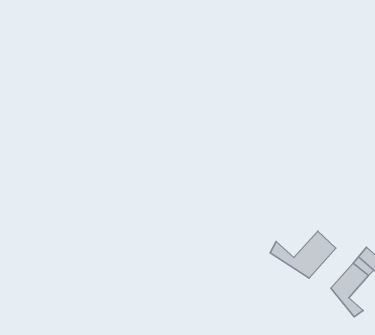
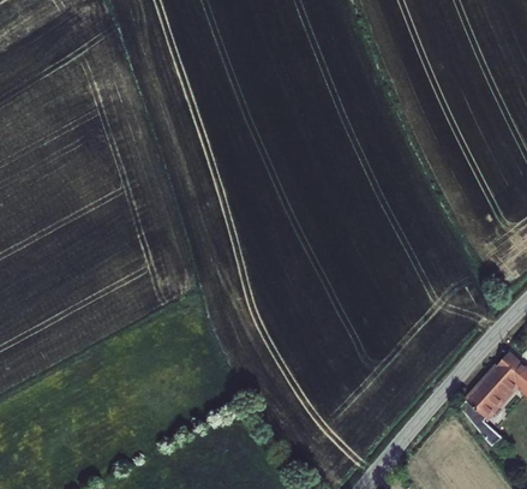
building: [270,231,336,278] -> none

